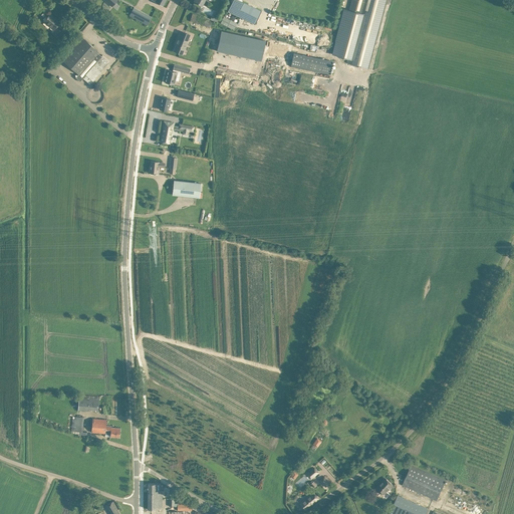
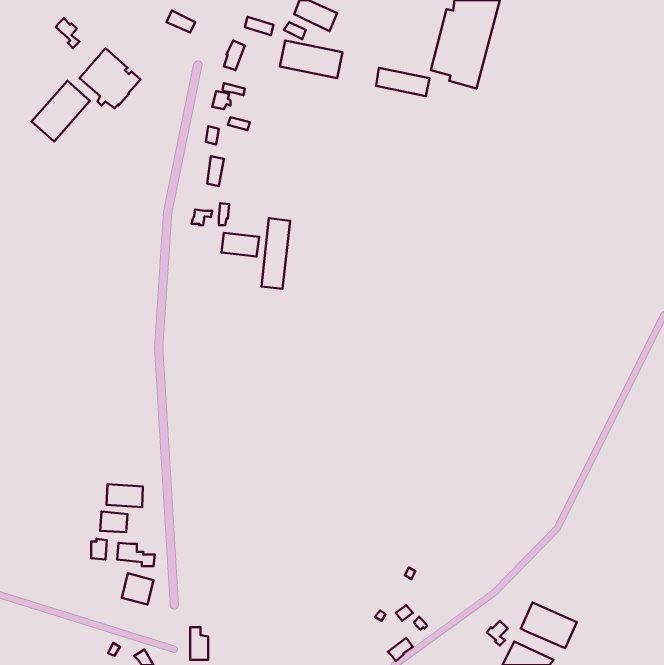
building: none -> [32,81,90,141]
building: none -> [261,218,290,289]
building: none -> [106,484,143,507]
building: none -> [122,573,154,605]

